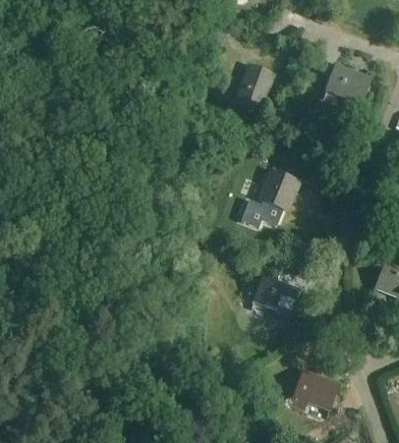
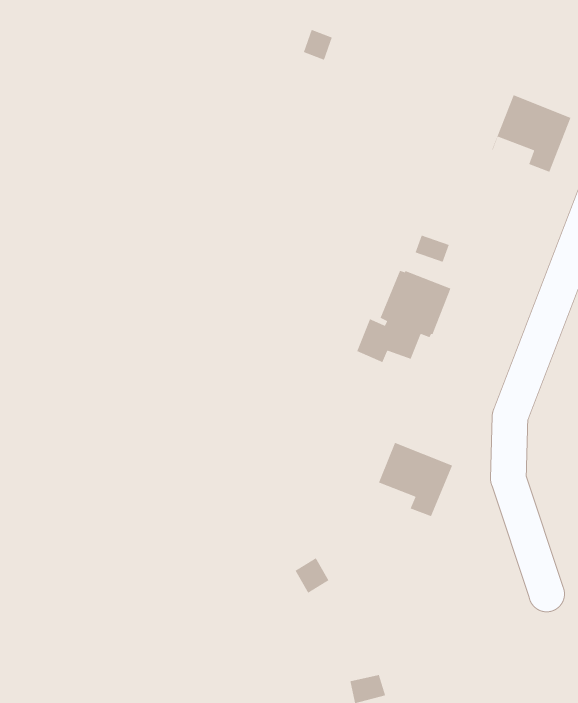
building: [234,64,274,113] -> none
building: [290,370,339,418] -> none

